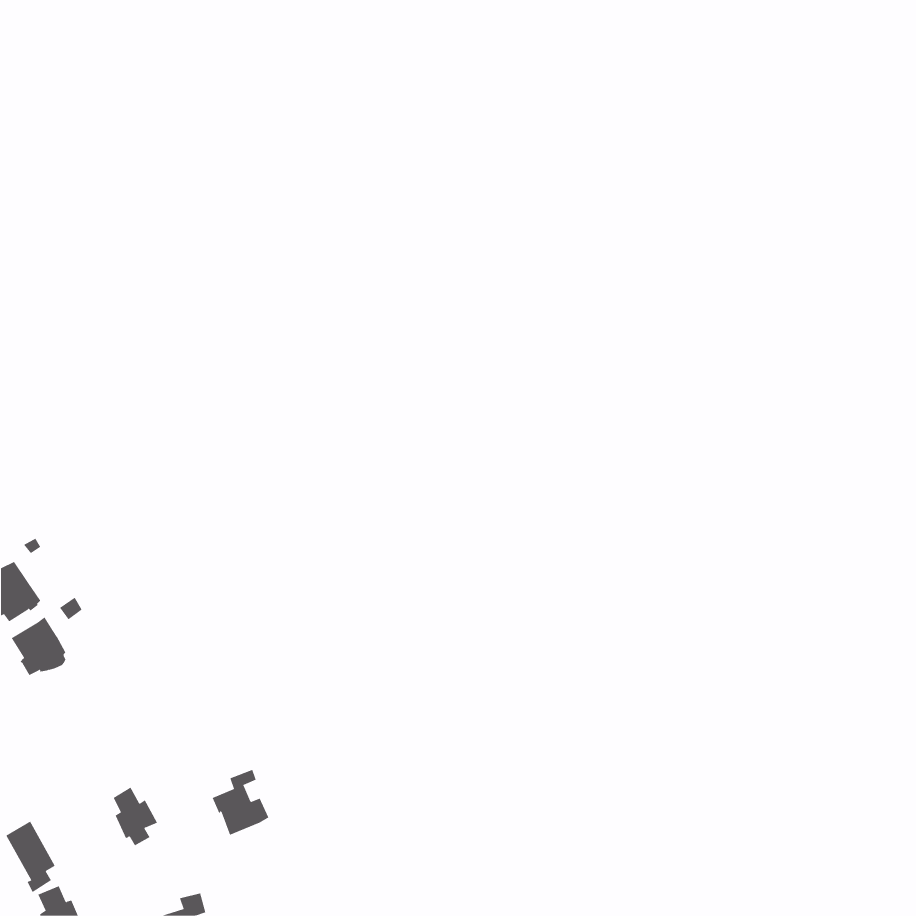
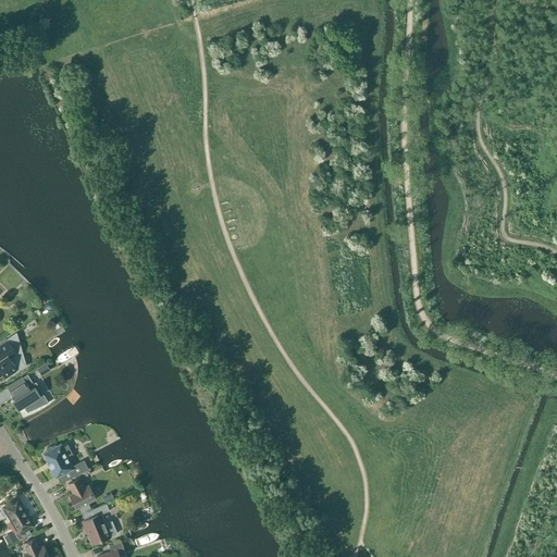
building: none -> [44,444,87,478]
building: [212,769,269,835] -> [82,504,116,544]

